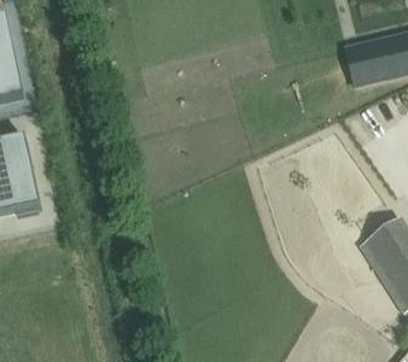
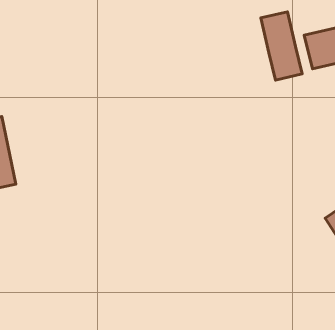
building: none -> [261,12,302,80]

